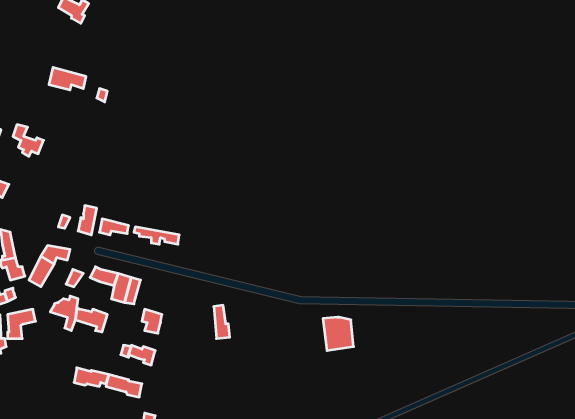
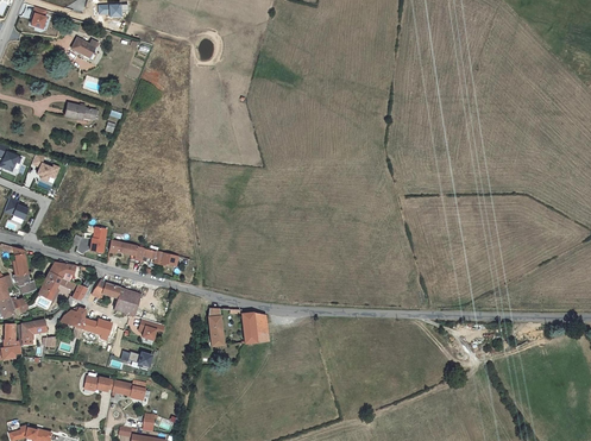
building: [323,317,354,351] -> [238,311,265,341]

